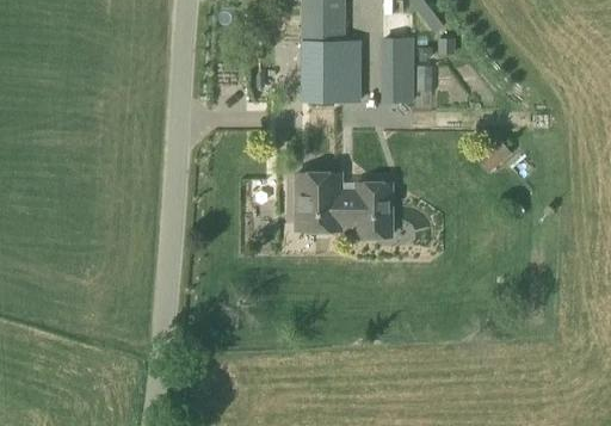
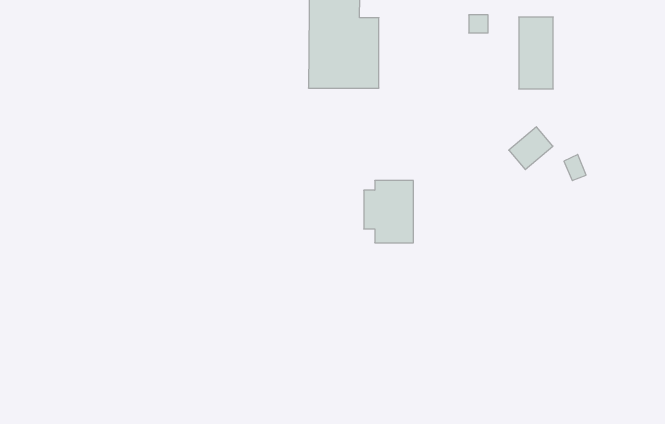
building: [383,39,413,101] -> [519,17,553,89]
building: [297,172,348,230] -> none

